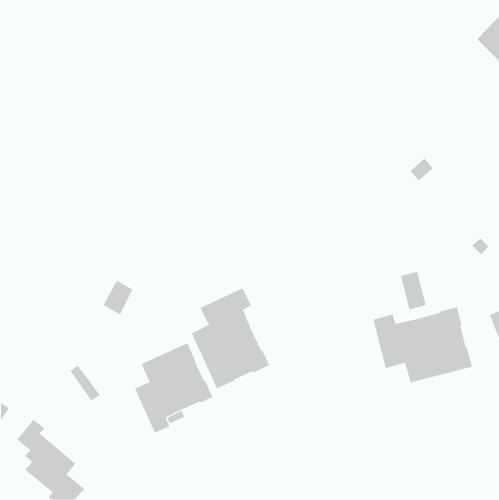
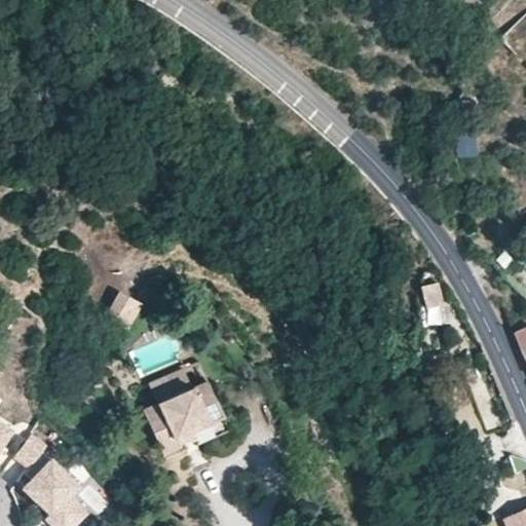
building: [191,288,270,389] -> none
building: [373,306,472,383] -> none

